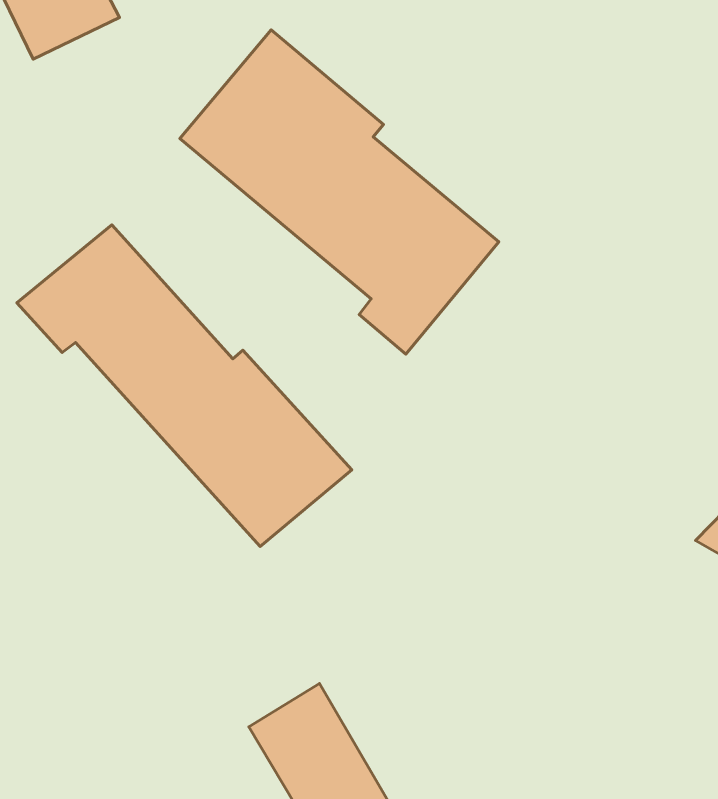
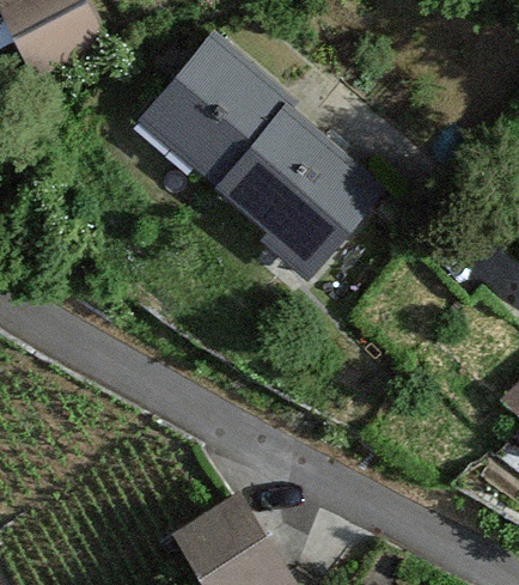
building: [17,225,352,547] -> none

